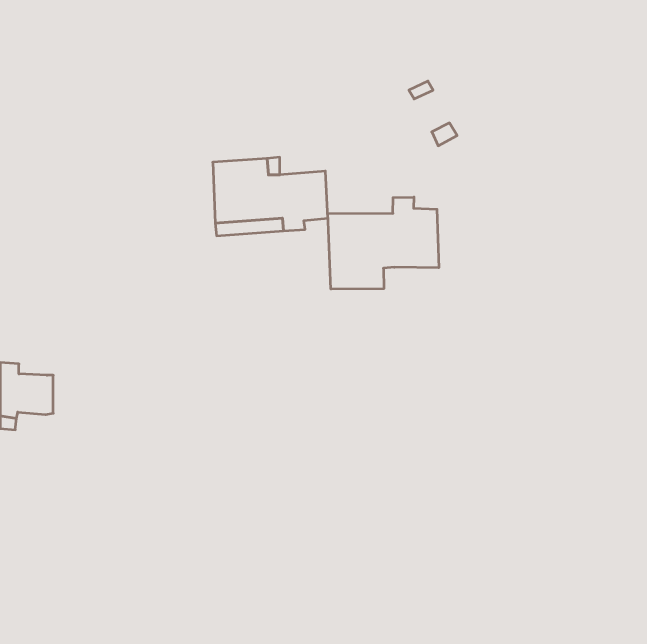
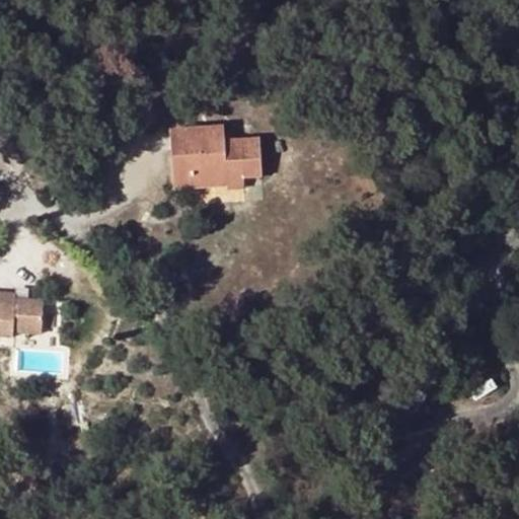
building: [328,197,439,289] -> none

